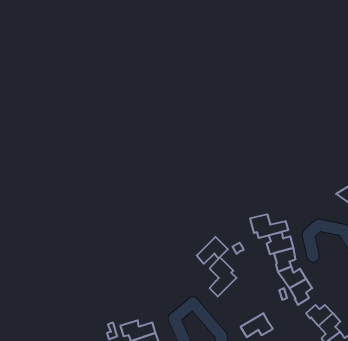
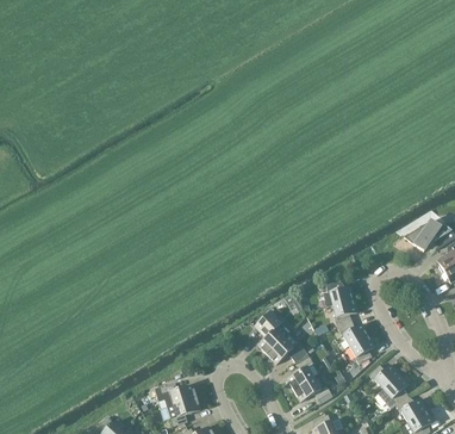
building: [250,214,288,238] -> none
building: [197,237,228,264] -> [268,333,304,364]
building: none -> [287,355,320,389]

